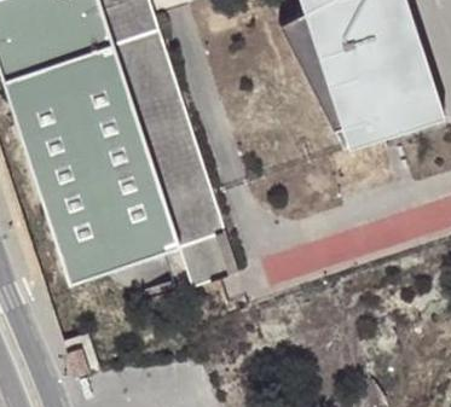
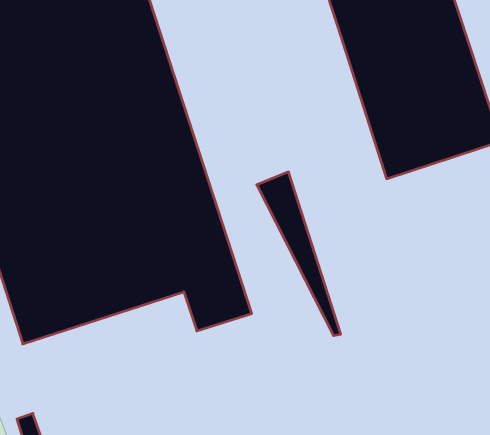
building: [285,16,355,152] -> [257,172,341,336]

